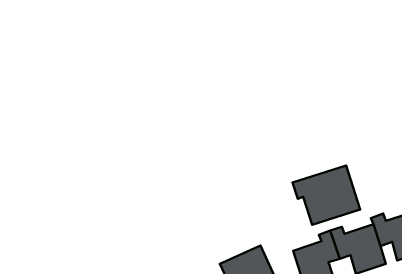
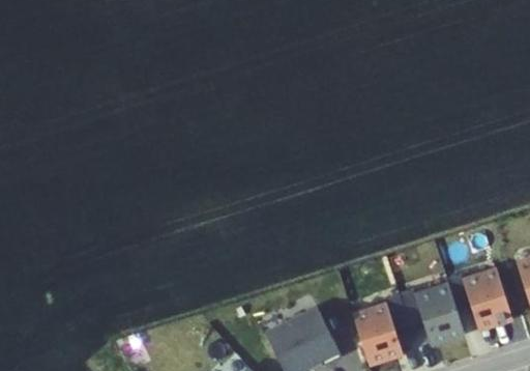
building: [293,165,360,225] -> none

